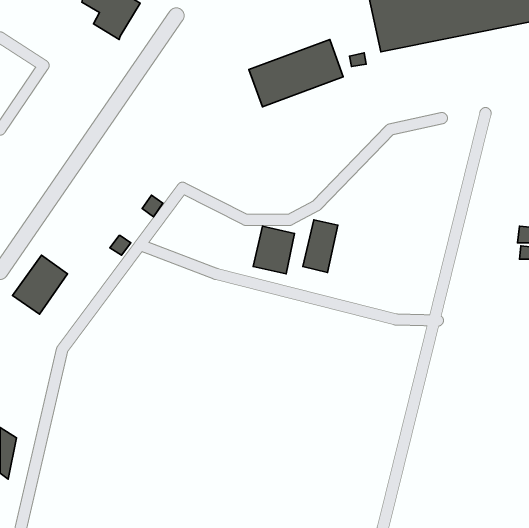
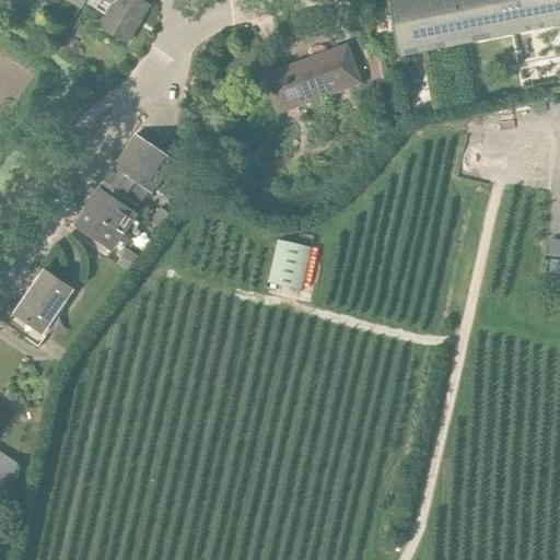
building: none -> [102,132,175,202]
building: none -> [74,187,137,248]
building: [303,220,338,273] -> none

